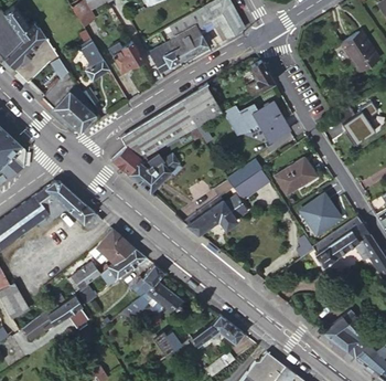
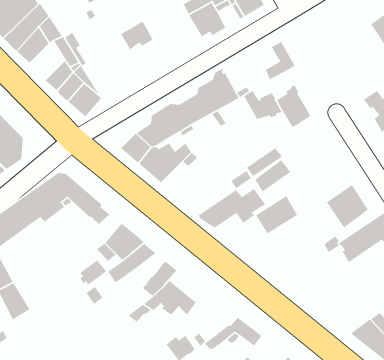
building: [148,39,186,73] -> none
building: [83,40,108,80] -> none
building: [275,158,314,194] -> [255,195,298,234]
building: [23,296,89,339] -> none

